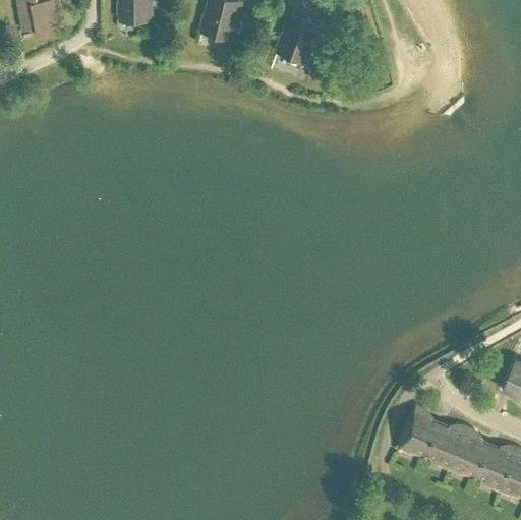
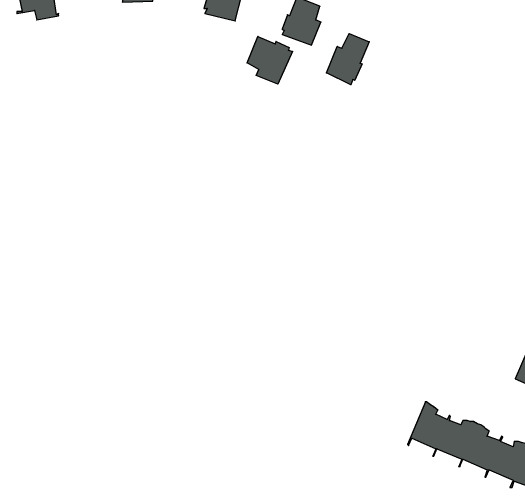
building: none -> [326,34,369,85]
building: none -> [247,36,293,84]

